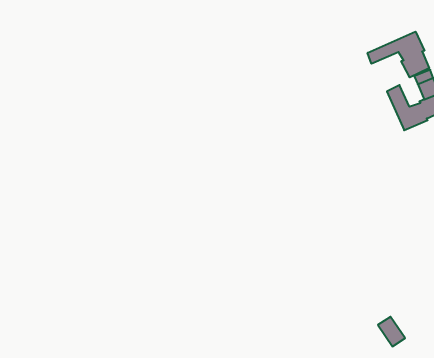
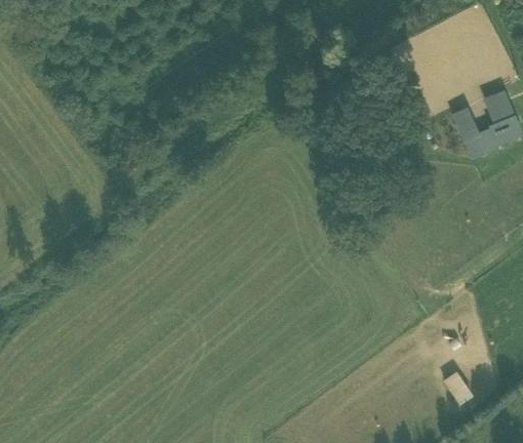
building: [368,32,429,77] -> none

